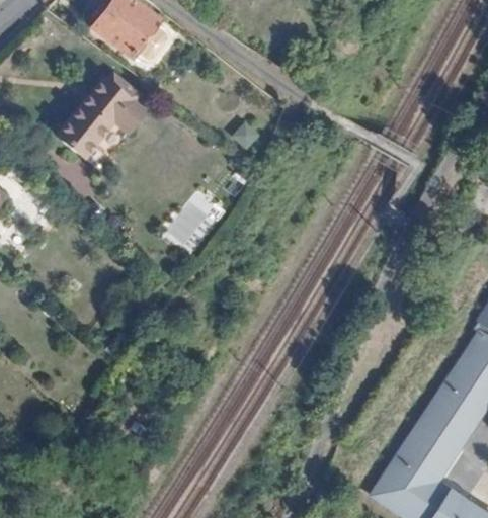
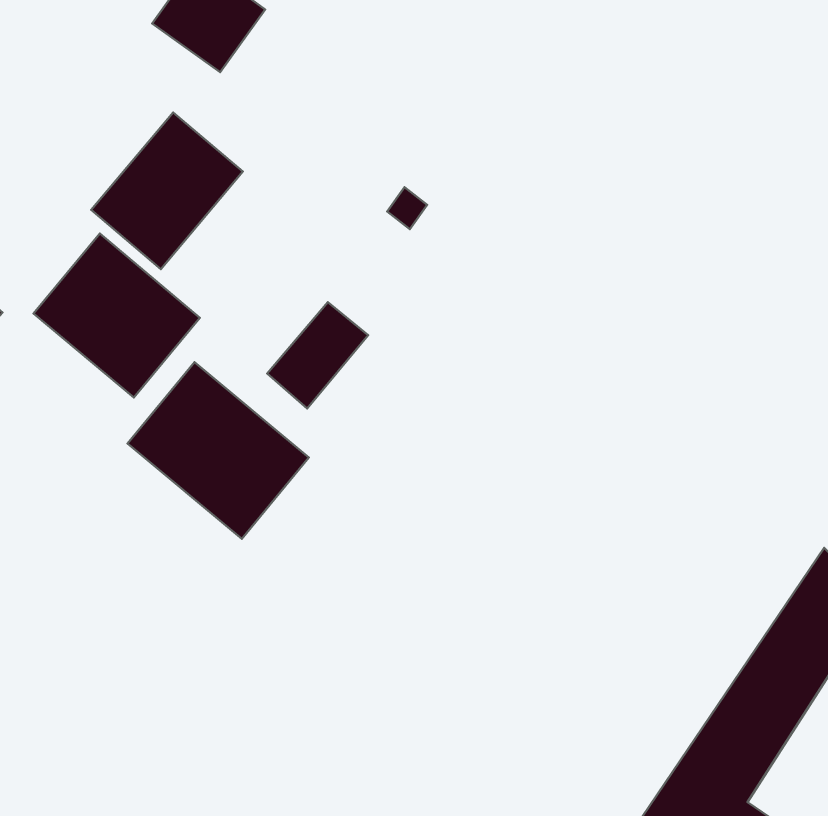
building: none -> [34,234,200,398]
building: none -> [127,362,309,539]

